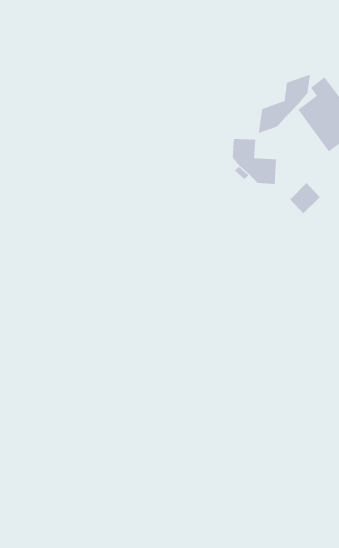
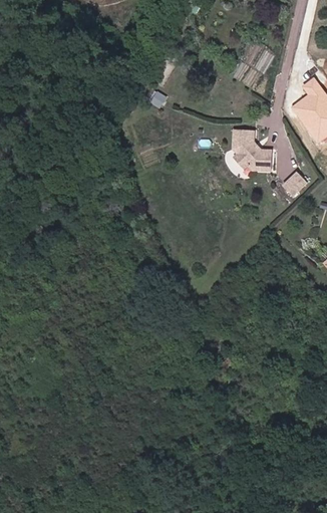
building: [258,74,310,134] -> none

